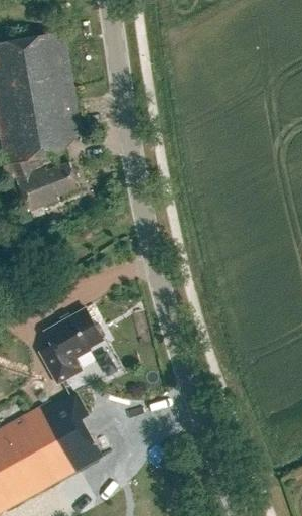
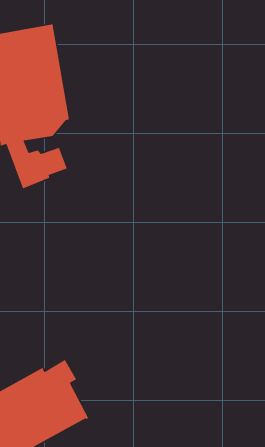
building: [38,308,103,384] -> none

